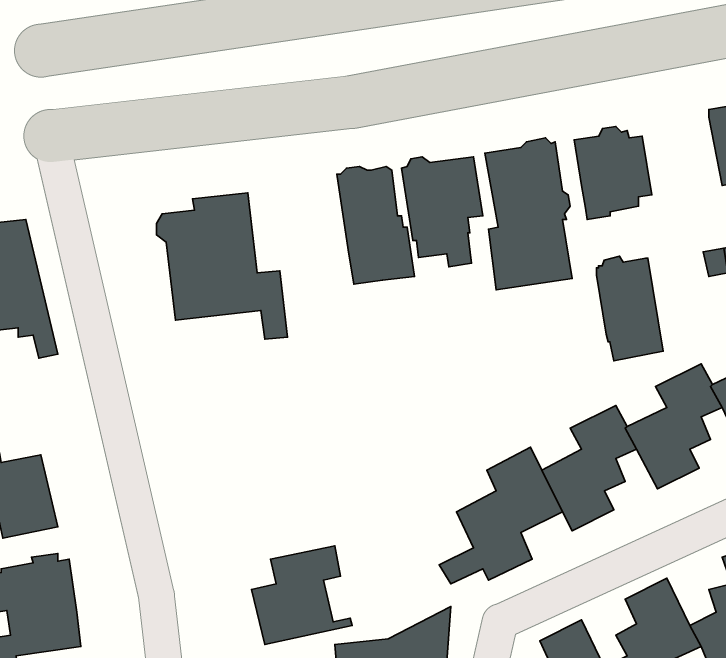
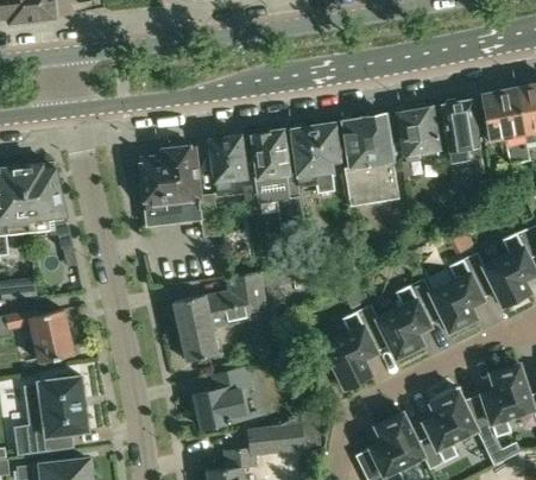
building: none -> [209,134,246,194]
building: [597,256,663,361] -> [440,99,481,164]
building: none -> [174,273,266,361]

